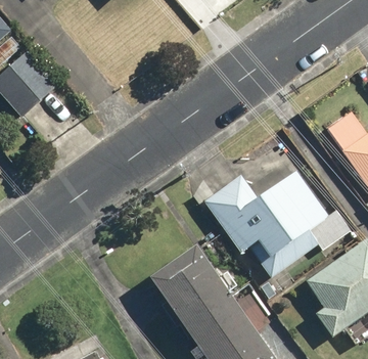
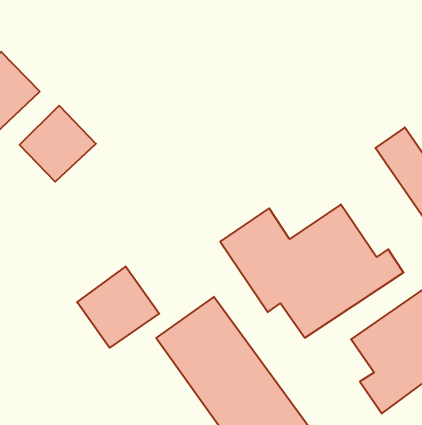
building: none -> [20,106,96,182]
building: none -> [77,266,159,348]

